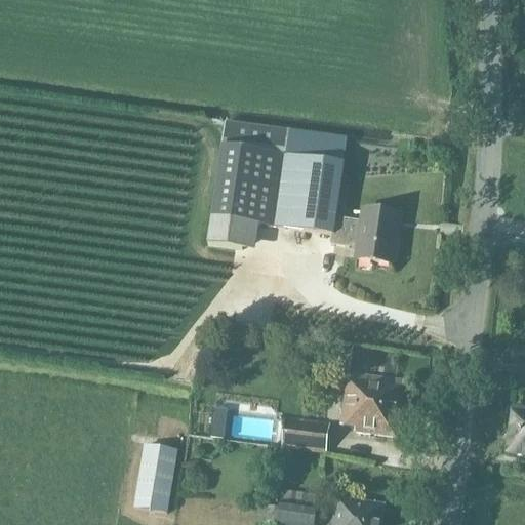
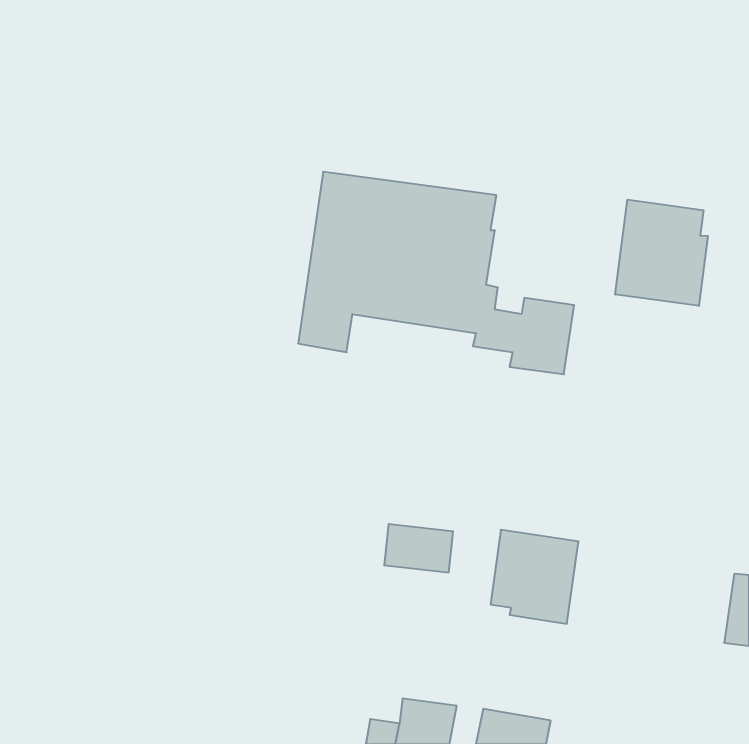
building: none -> [615,200,708,306]
building: [281,417,329,451] -> [384,524,453,572]
building: [133,444,176,511] -> none

